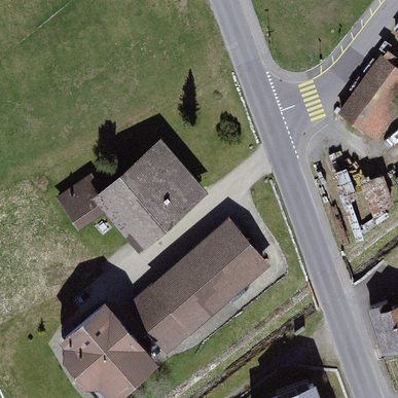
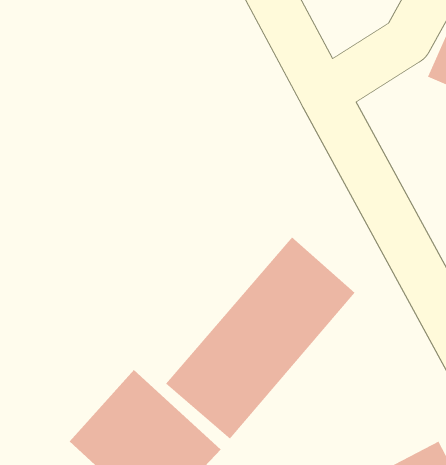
building: [57,142,207,251] -> none

